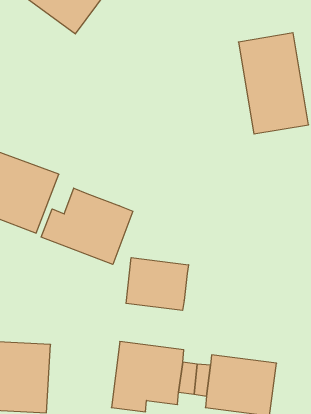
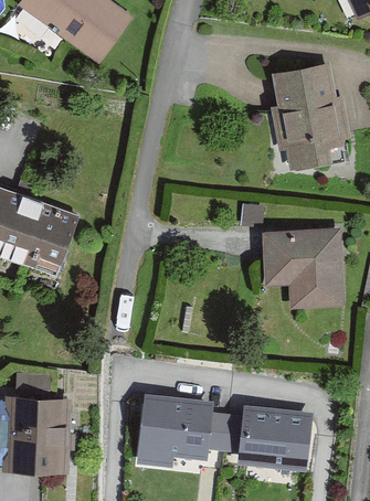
building: none -> [263,227,343,309]
building: [41,188,133,264] -> none
building: [126,258,189,310] -> none

